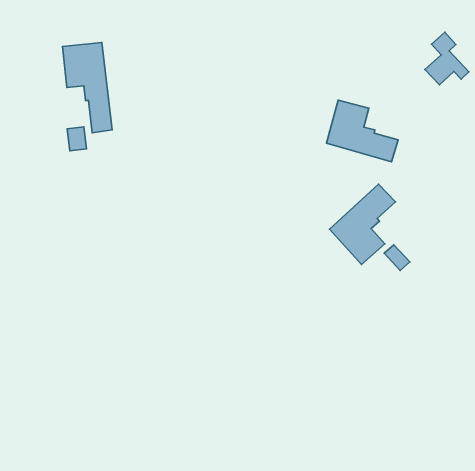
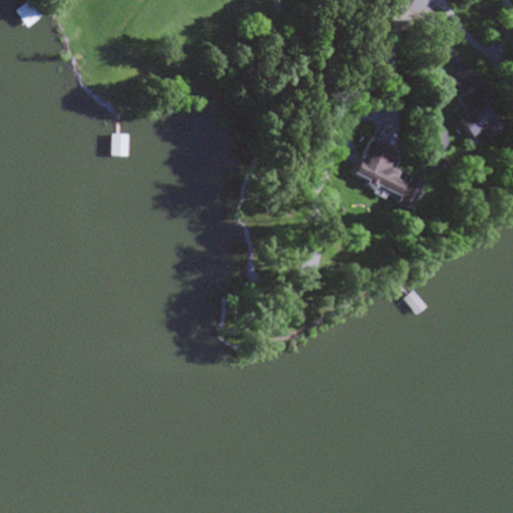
building: [63,43,112,133] -> none
building: [330,184,396,264] -> none

